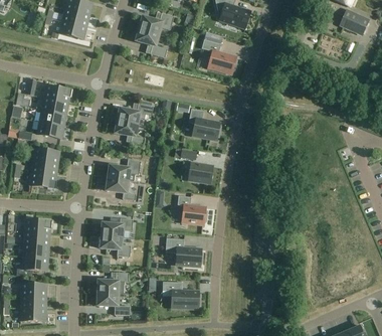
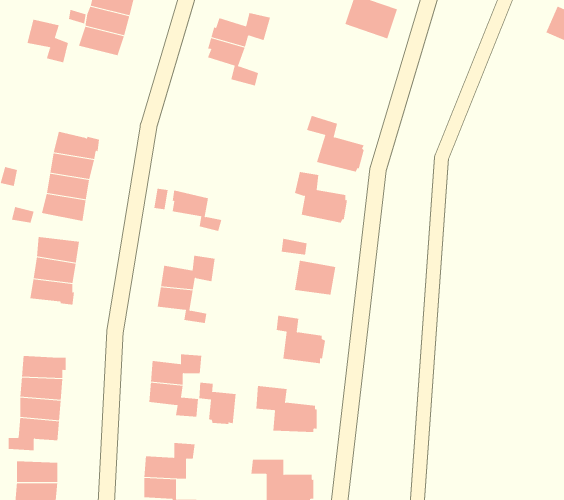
building: none -> [27,19,68,63]
building: [201,38,236,72] -> [306,115,365,172]
building: [116,102,153,124] -> none
building: none -> [199,382,236,425]

